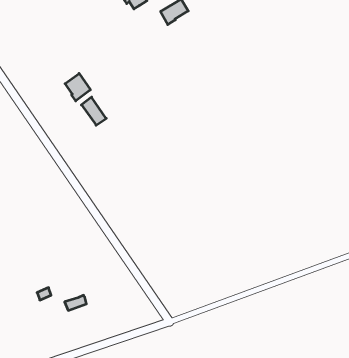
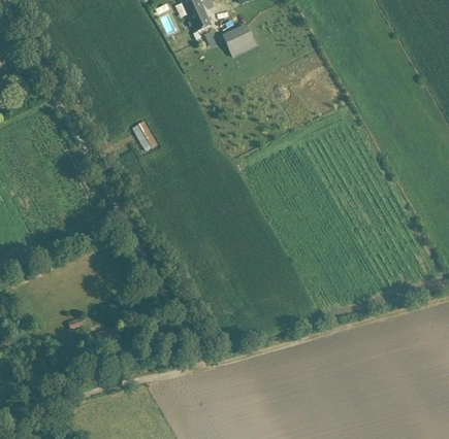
building: [65,73,90,101] -> none

